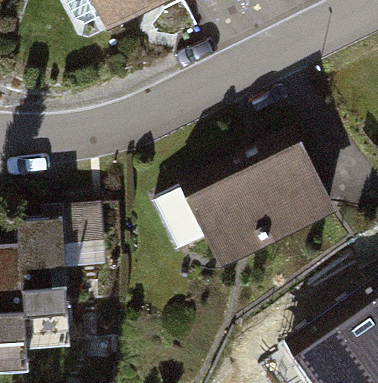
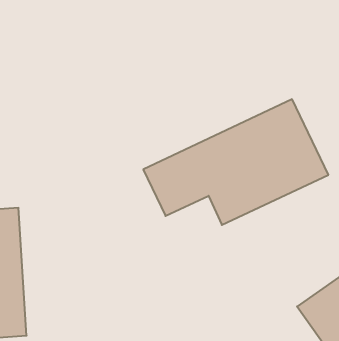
building: [23,219,74,349] -> none

